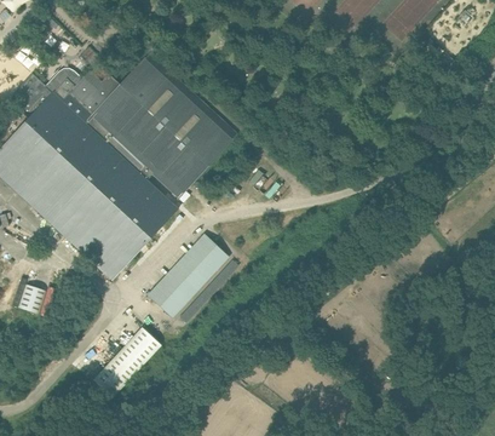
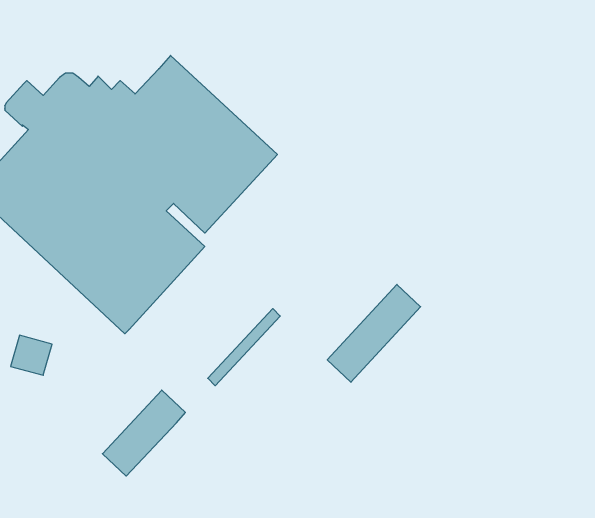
building: [148,236,224,316] -> [327,284,421,382]

